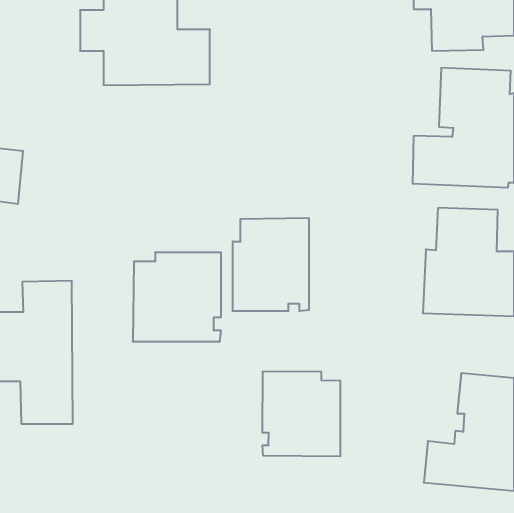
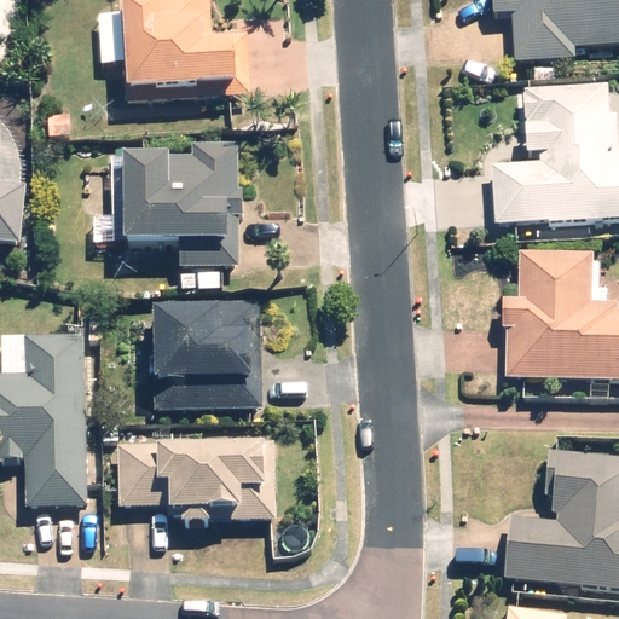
building: none -> [94,141,244,266]
building: [233,218,309,311] -> none
building: [262,371,340,456] -> none
building: none -> [118,444,274,517]

